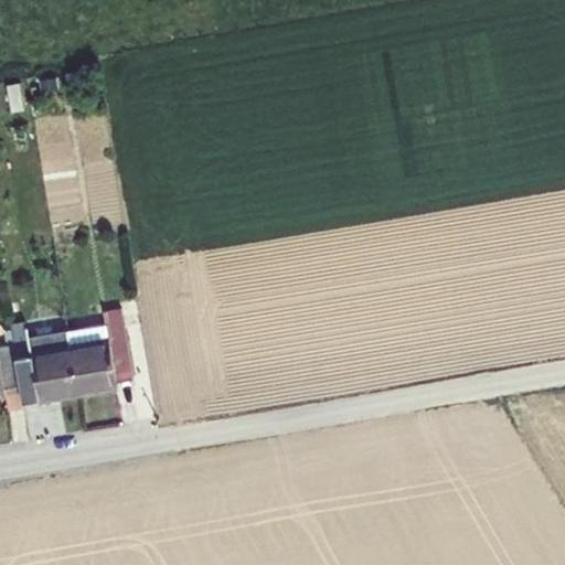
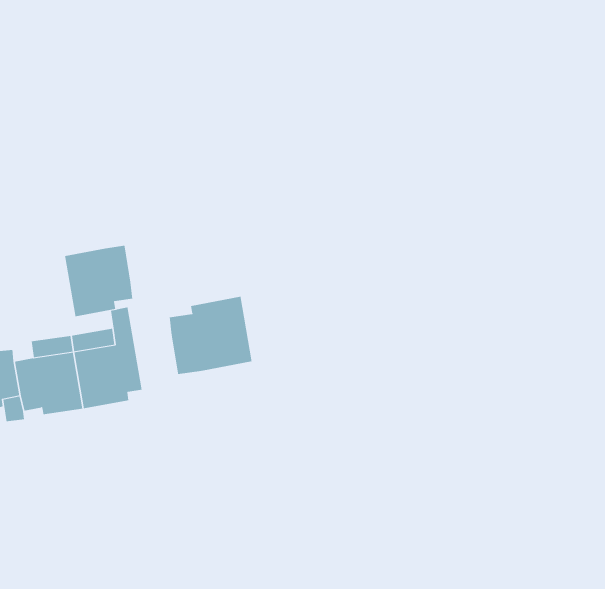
building: none -> [64,245,133,317]
building: none -> [169,296,252,375]

